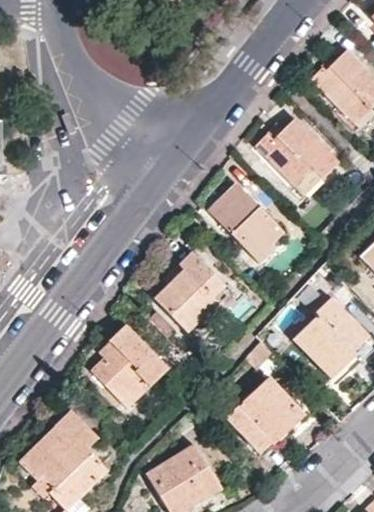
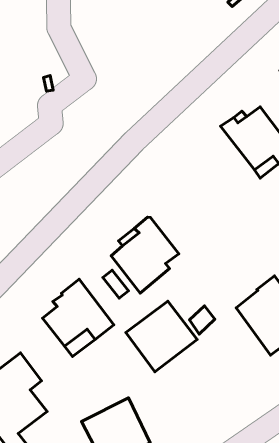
building: [210,185,282,263] -> none
building: [227,377,304,454] -> [126,301,197,372]

